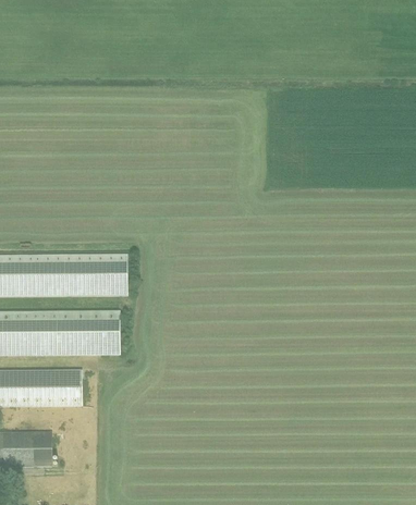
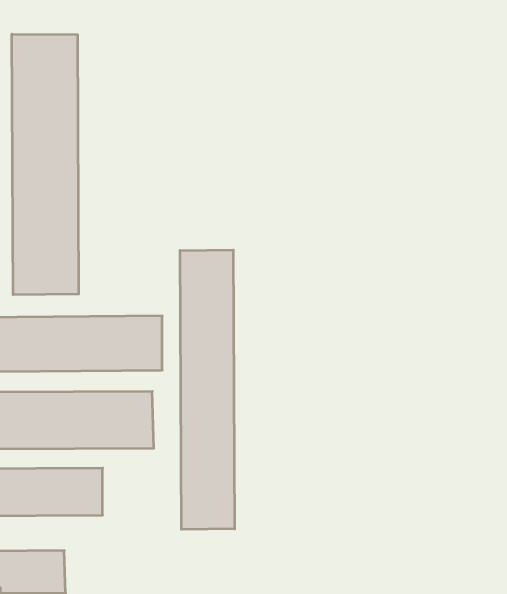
building: none -> [12,34,79,295]
building: none -> [180,250,235,529]

